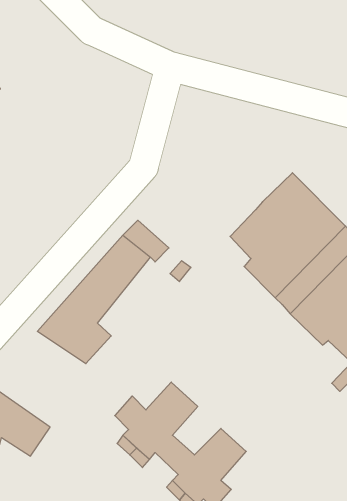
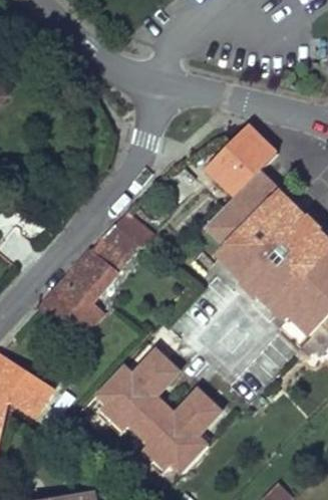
building: none -> [207,124,278,196]

